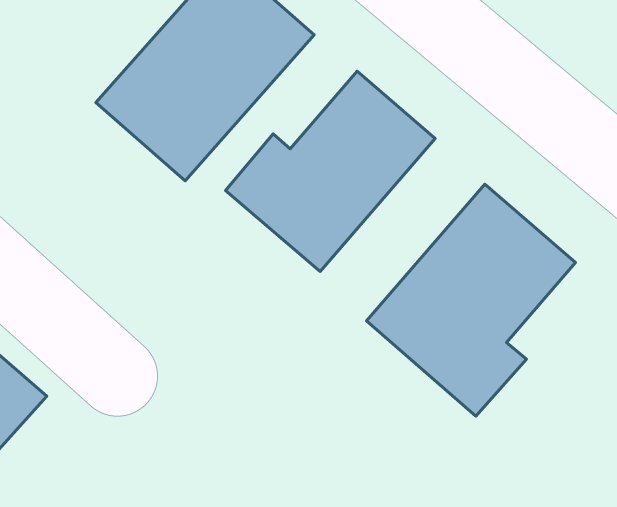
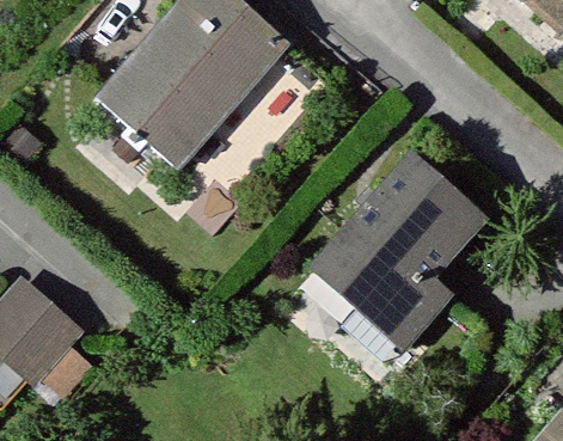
building: [225,71,435,272] -> none

